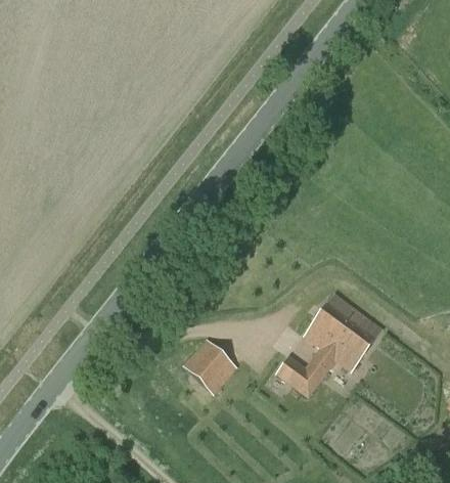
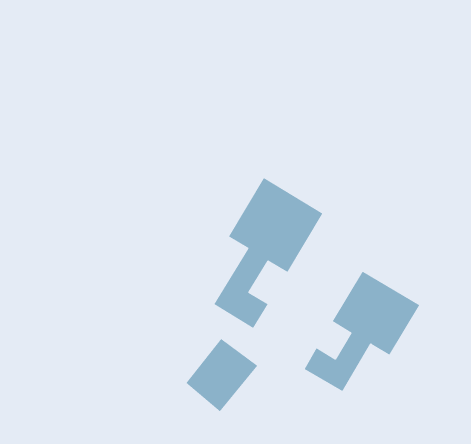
building: none -> [214,177,323,329]

